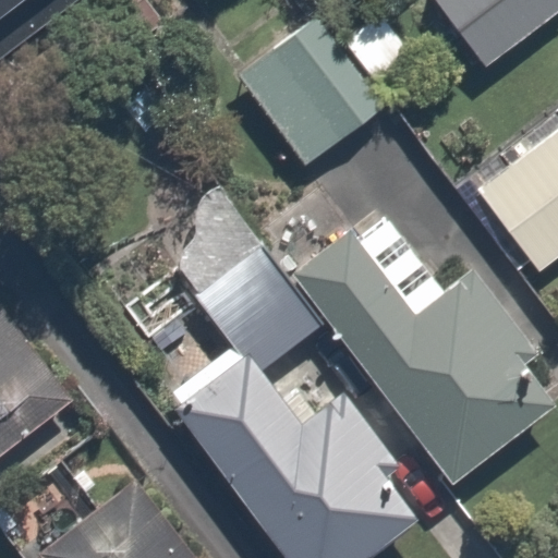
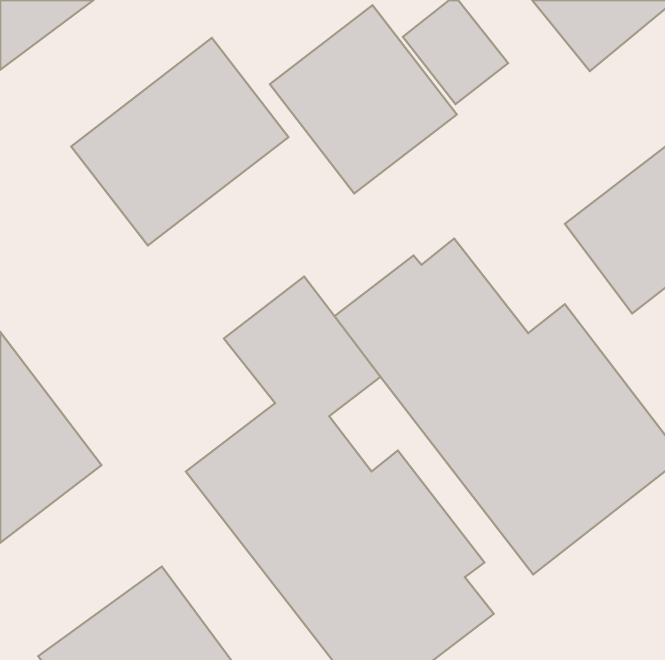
building: none -> [71,38,289,246]

